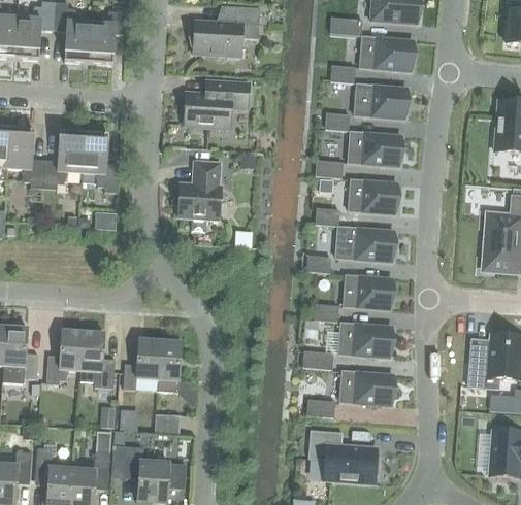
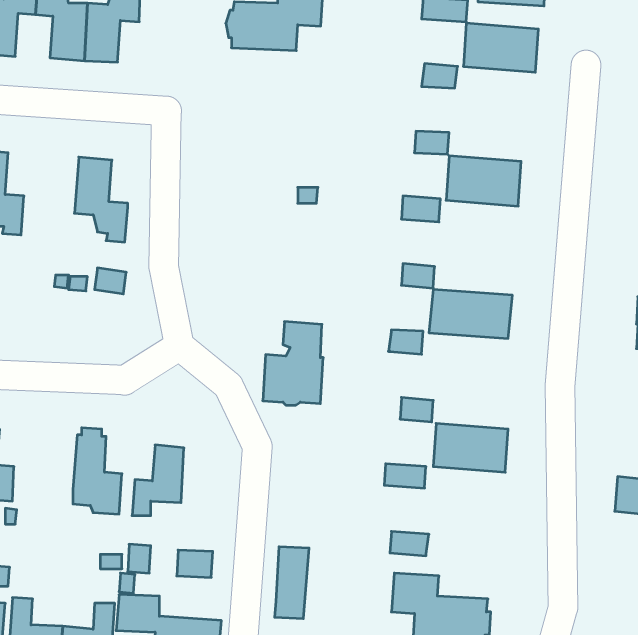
building: [183,80,249,128] -> none
building: [353,83,406,119] -> none
building: [42,131,84,189] -> none
building: [177,160,221,220] -> [263,322,323,405]
building: [348,179,396,214] -> none
building: [343,275,392,310] -> none
building: [45,329,83,384] -> none
building: [156,340,181,392] -> [275,547,309,619]
building: [338,371,392,406] -> none

